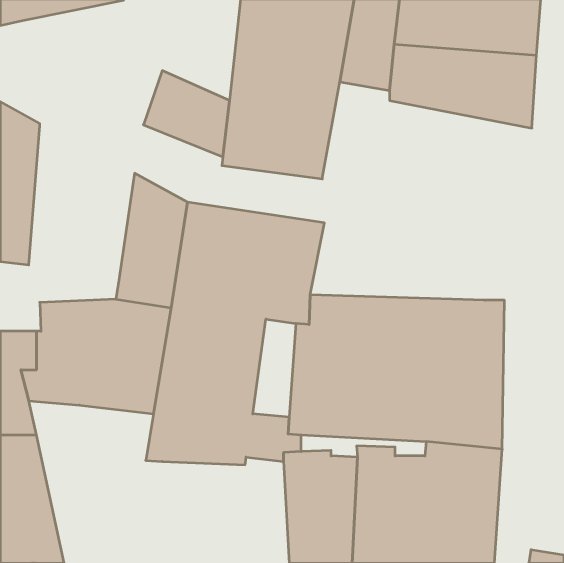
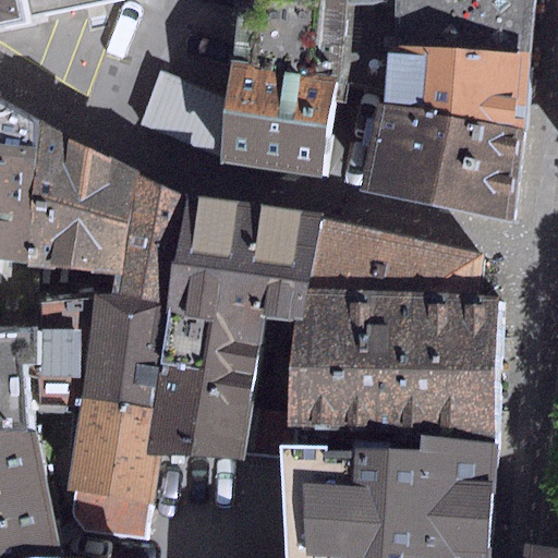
building: none -> [359,98,525,222]
building: none -> [28,124,133,275]
building: none -> [306,220,483,296]
building: none -> [64,400,160,538]

